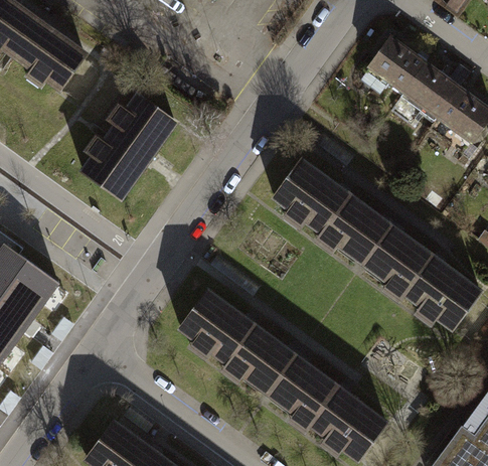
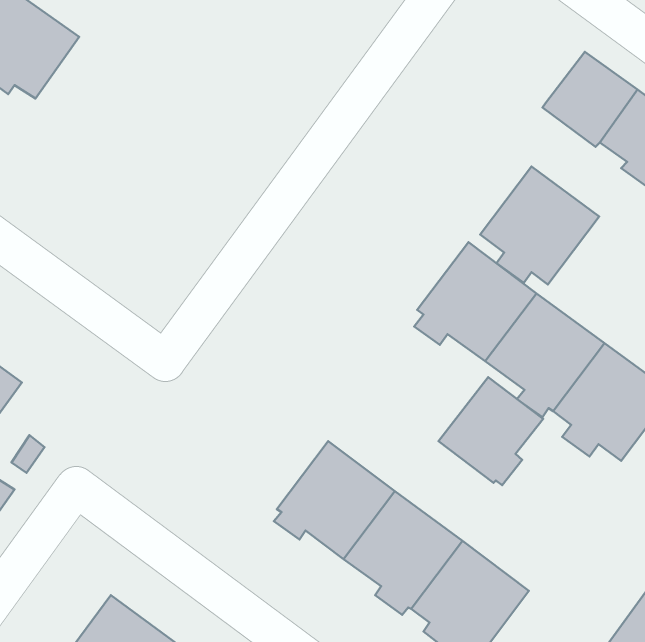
building: [364,34,428,95] -> none
building: [79,91,181,201] -> none
building: [271,154,350,232] -> [480,167,599,284]
building: none -> [438,377,543,485]
building: [177,286,257,365] -> none

